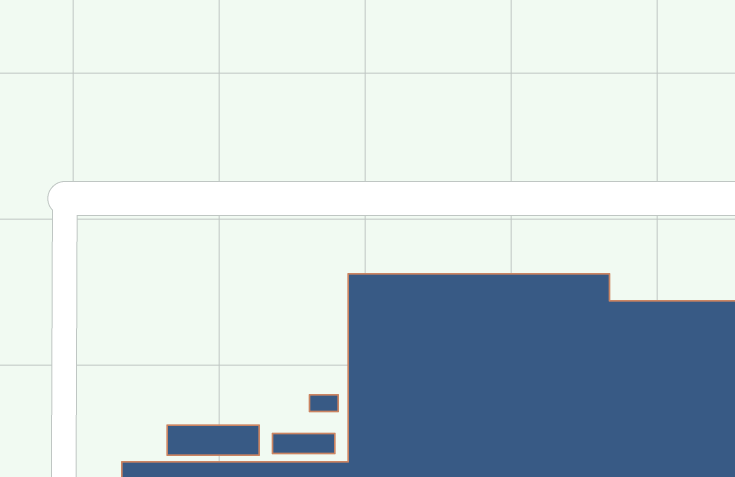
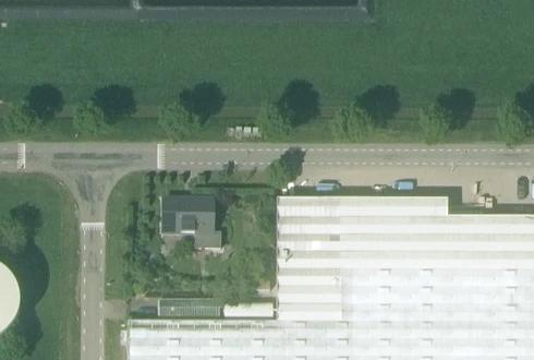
building: none -> [162,202,221,251]

